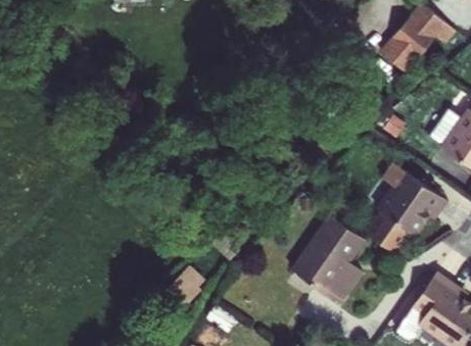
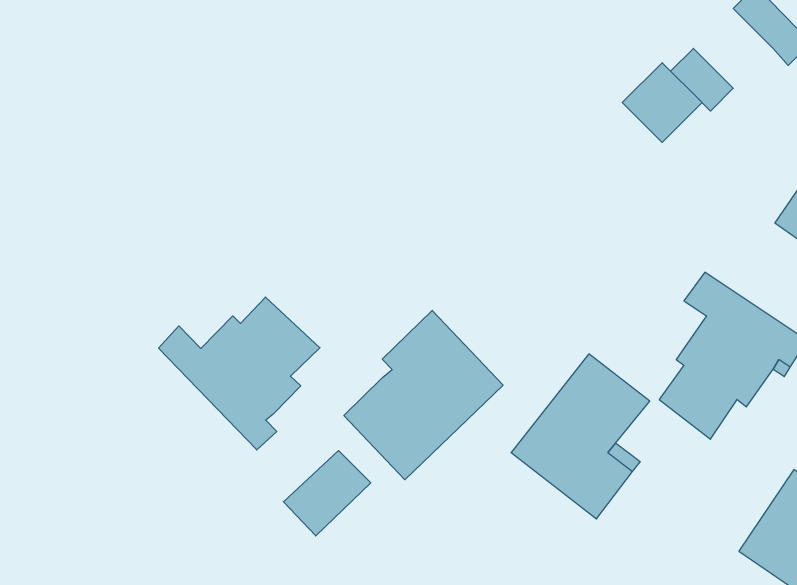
building: [386,23,429,66] -> [622,63,702,142]
building: none -> [159,297,320,450]
building: none -> [344,310,503,480]

